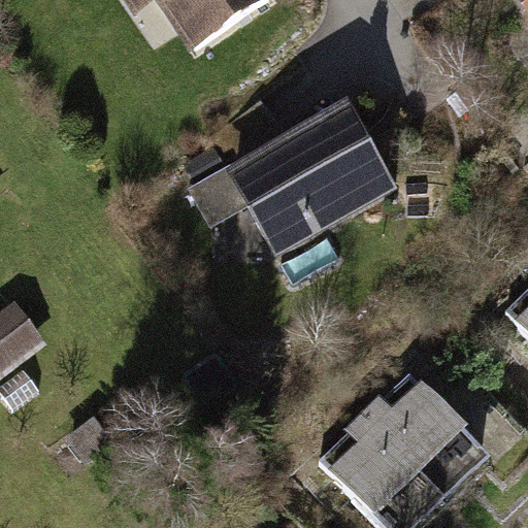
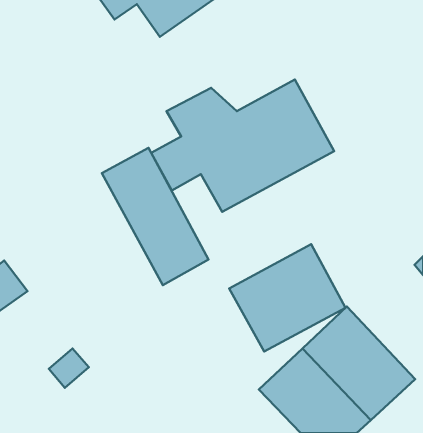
building: none -> [102,148,209,285]
building: none -> [229,244,346,351]

